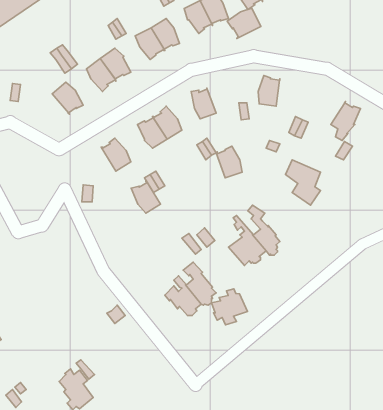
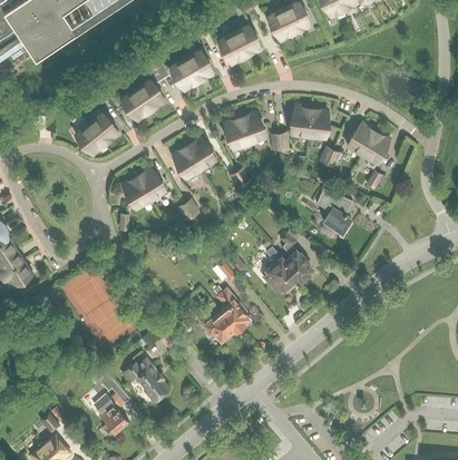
building: [227,8,261,39] -> none
building: none -> [308,110,329,138]
building: none -> [347,123,376,155]
building: none -> [75,125,105,156]
building: [216,146,242,178] -> [240,112,265,144]
building: [131,180,161,213] -> [121,177,150,209]
building: [211,289,248,325] -> none
building: none -> [123,360,168,401]

